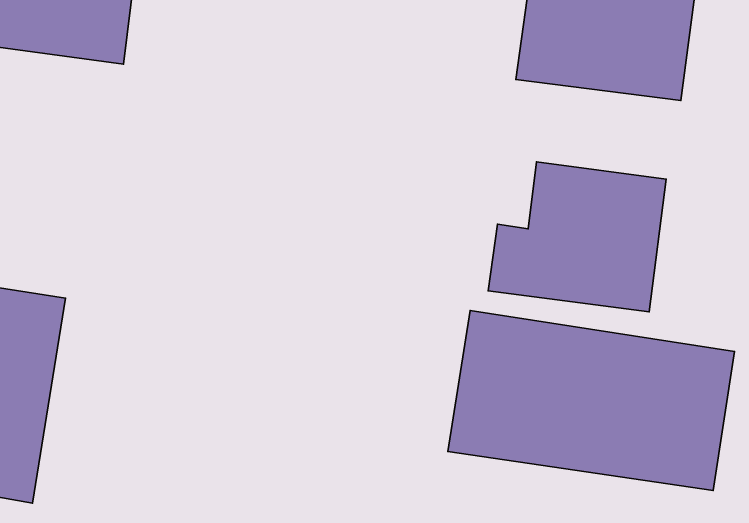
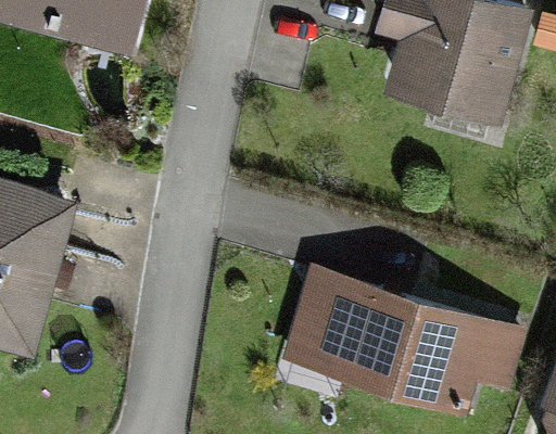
building: [488,162,666,312] -> none

